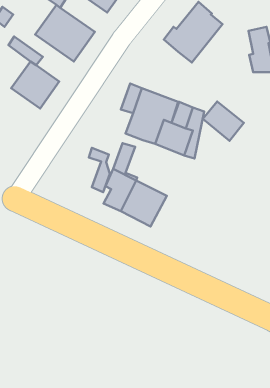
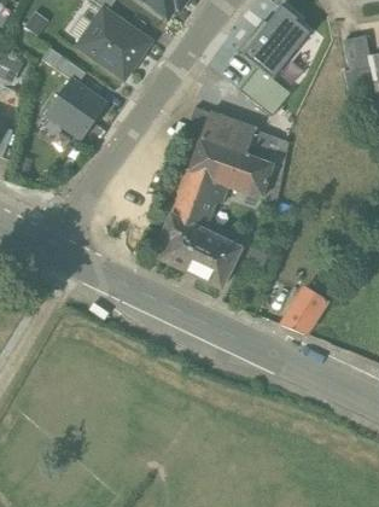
building: [203,102,244,141] -> [238,66,290,116]
building: [89,148,110,192] -> [186,169,212,225]
building: none -> [281,289,326,333]

